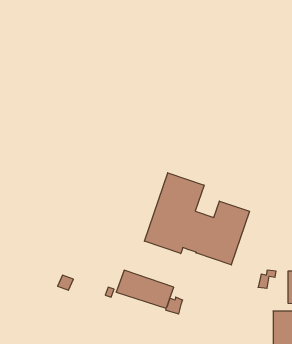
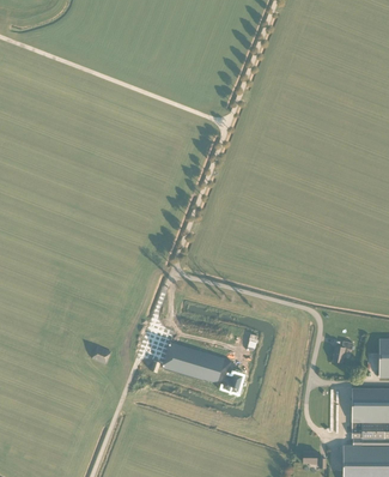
building: [144,173,249,265] -> none

